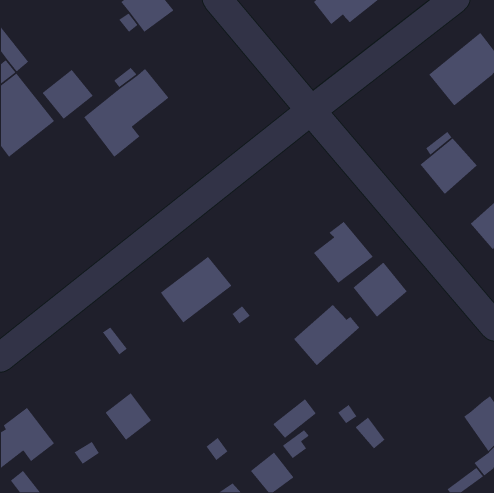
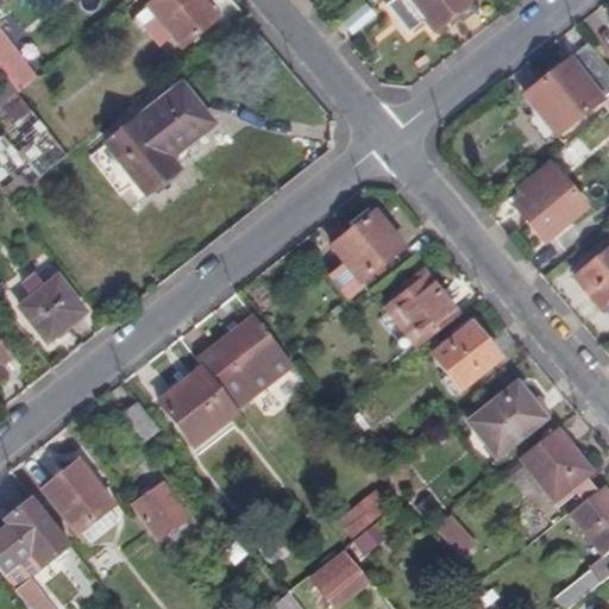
building: [42,69,94,120] -> none
building: none -> [324,211,403,295]
building: none -> [21,272,87,337]
building: none -> [157,366,234,442]
building: [293,304,360,366] -> [466,384,548,460]
building: none -> [515,428,594,507]
building: none -> [40,463,115,542]

